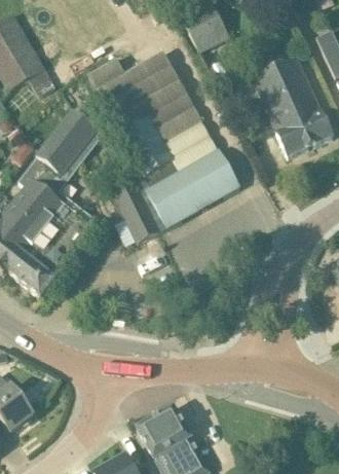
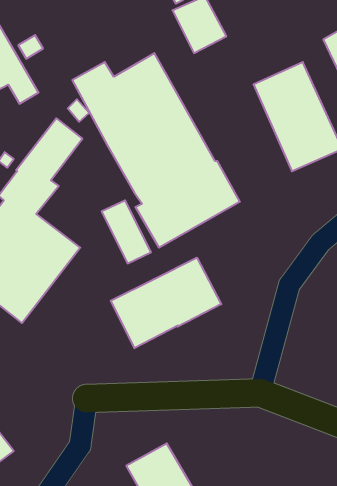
building: none -> [111,258,221,348]

